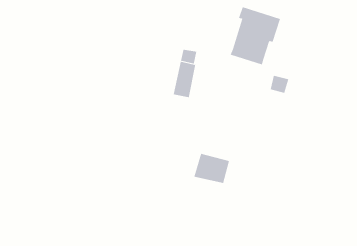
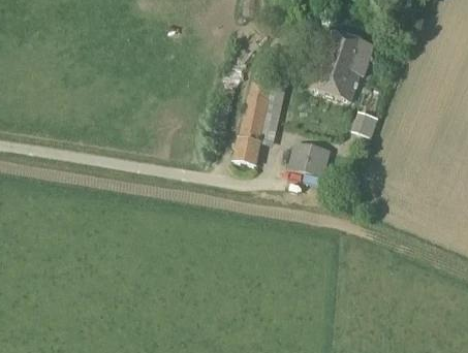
building: none -> [235,137,260,166]
building: [194,153,230,184] -> [287,139,332,176]

